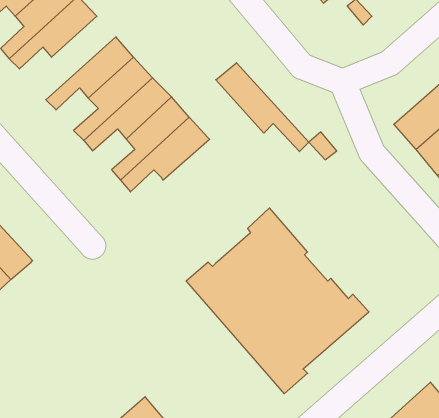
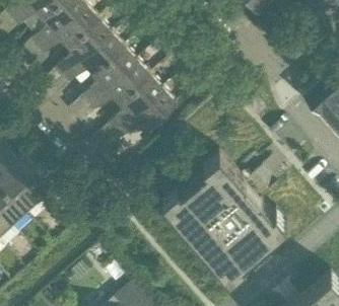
building: none -> [58,18,113,76]
building: [216,63,309,152] -> none

